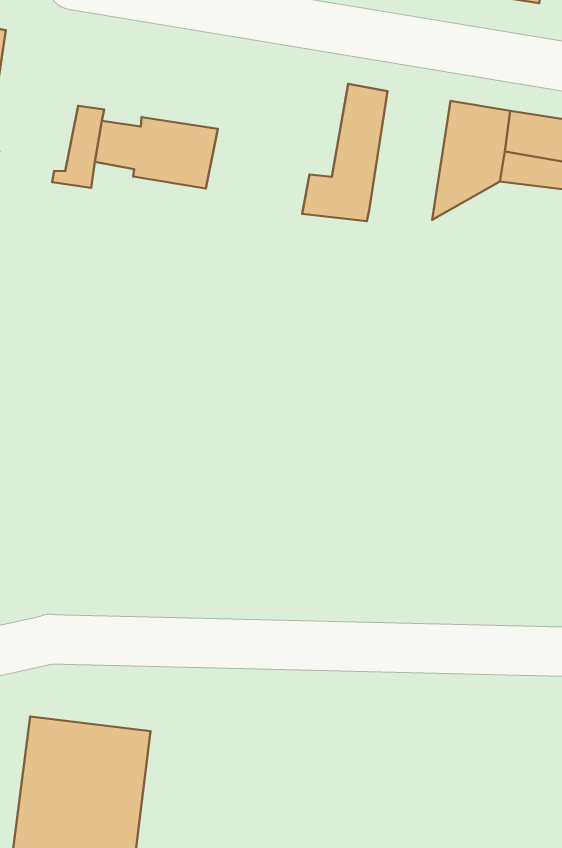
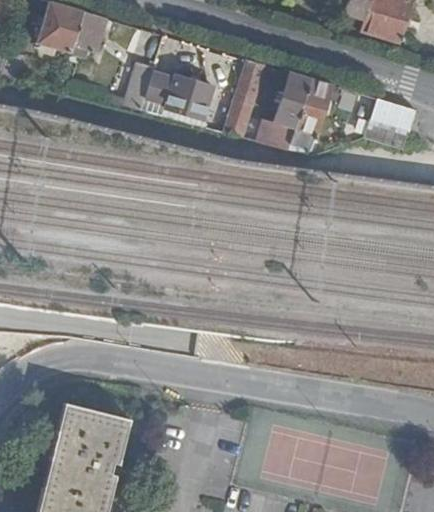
building: none -> [225,59,266,137]
building: none -> [292,79,334,149]

